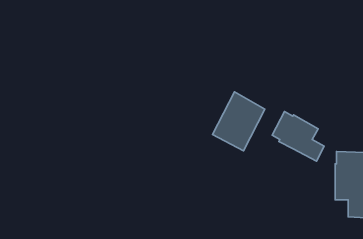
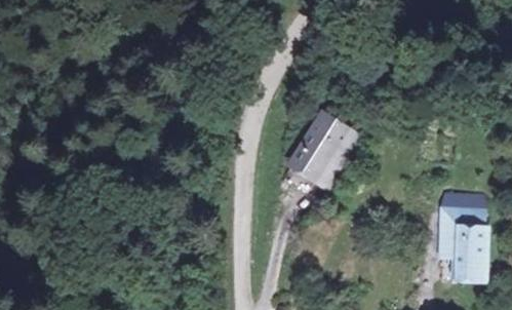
building: [272,111,324,161] -> none

